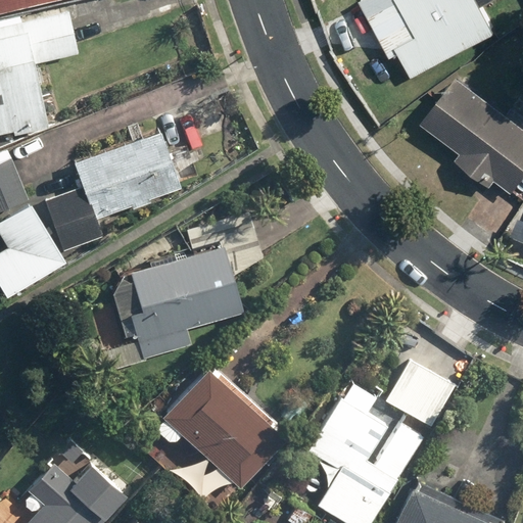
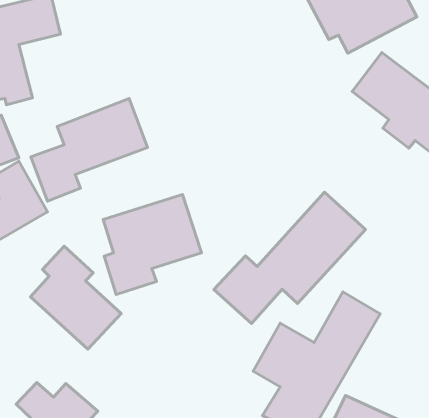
building: none -> [214,192,366,323]
building: none -> [31,246,121,349]
building: [158,366,283,487] -> none

